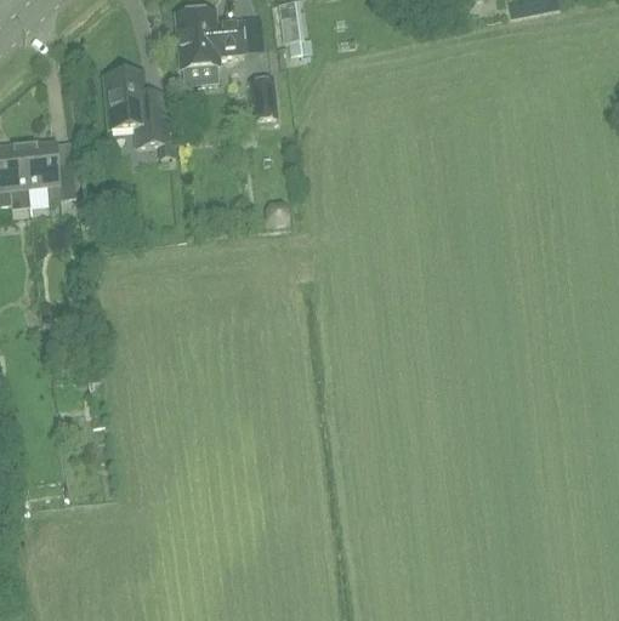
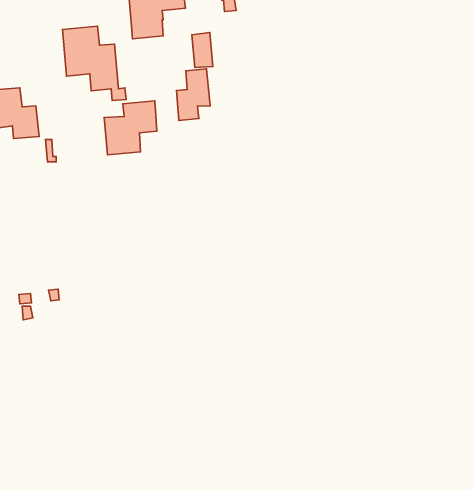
building: none -> [177,69,210,120]
building: none -> [104,101,157,155]

